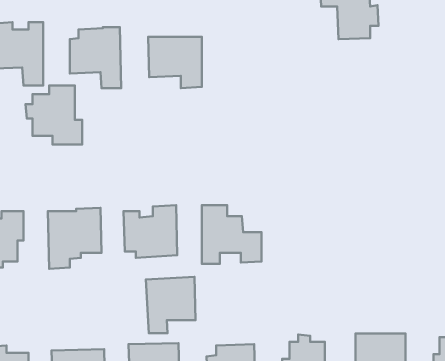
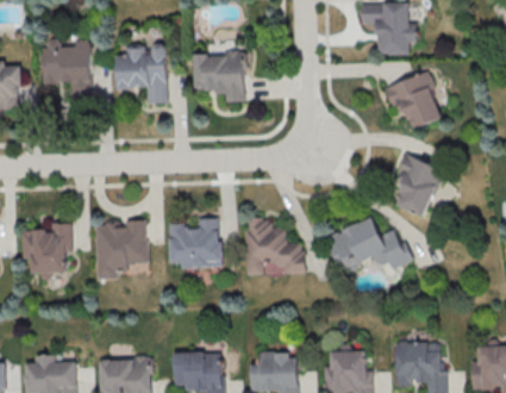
building: none -> [385,71,443,129]
building: [26,86,82,144] -> none
building: none -> [392,155,442,216]
building: none -> [326,217,413,274]
building: [146,277,196,333] -> none

